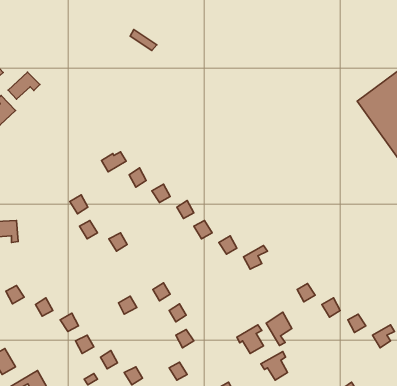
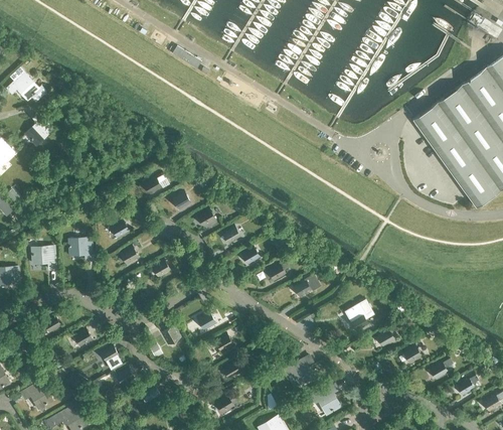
building: [8,72,40,99] -> none
building: none -> [68,238,93,261]
building: [266,312,292,345] -> none

